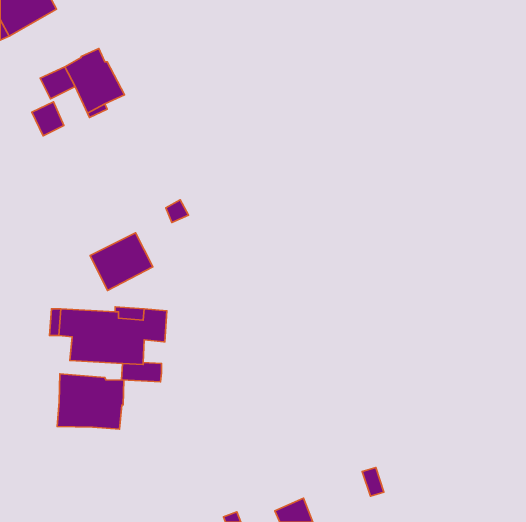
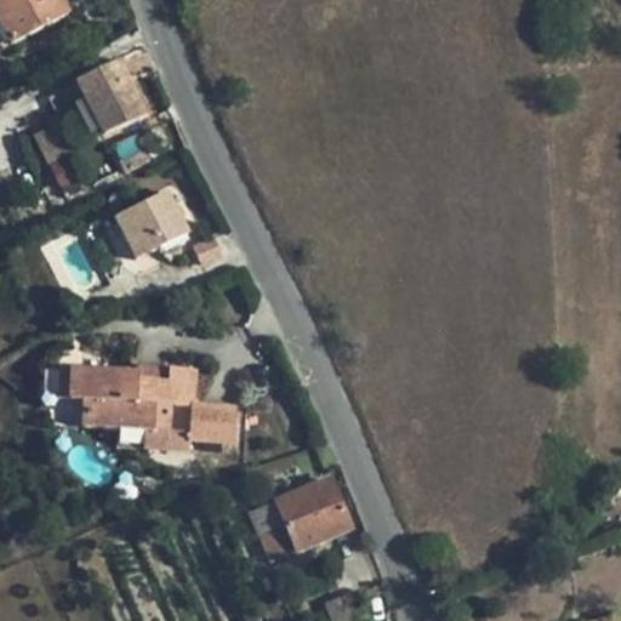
building: [90,233,153,290] -> [115,189,189,257]
building: none -> [190,403,237,441]
building: [57,374,124,429] -> none
building: none -> [262,477,352,559]

